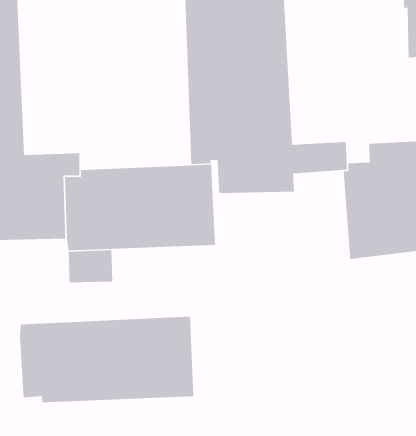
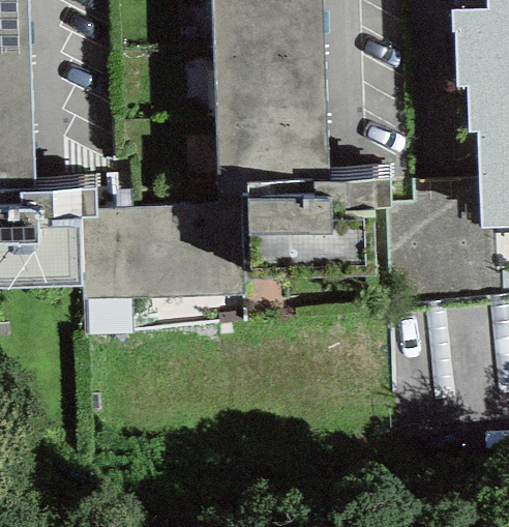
building: [19,316,194,403] -> none

